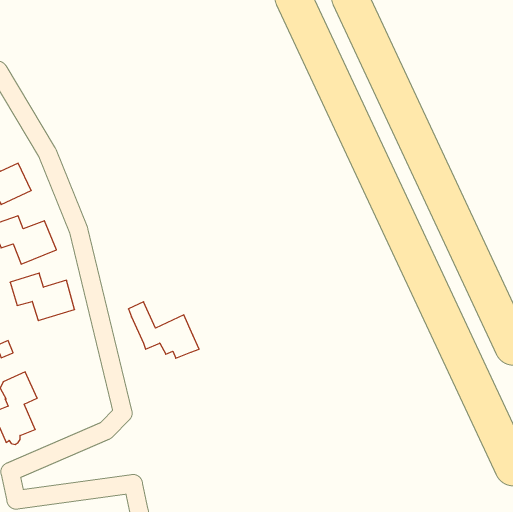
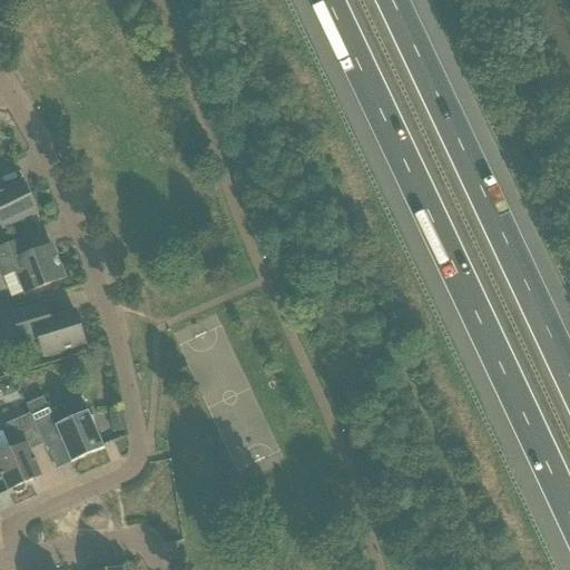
building: [128,302,199,358] -> [24,394,102,456]

